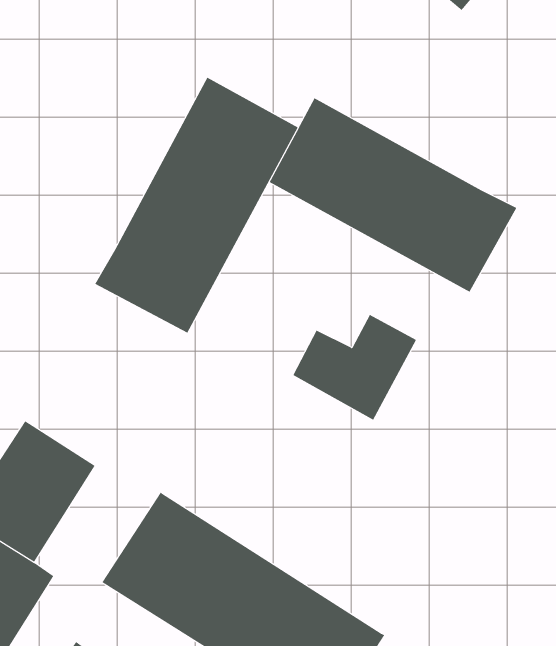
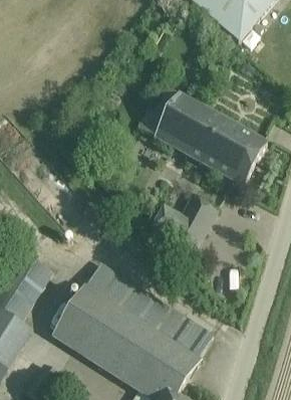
building: [94,77,298,333] -> none
building: none -> [85,263,212,359]

